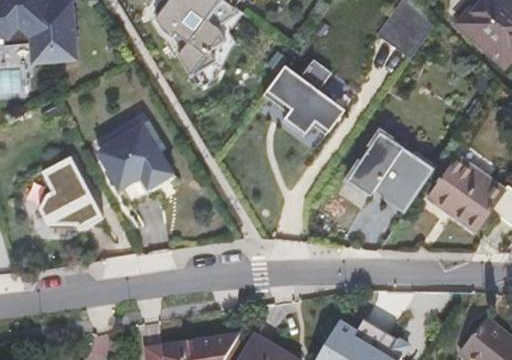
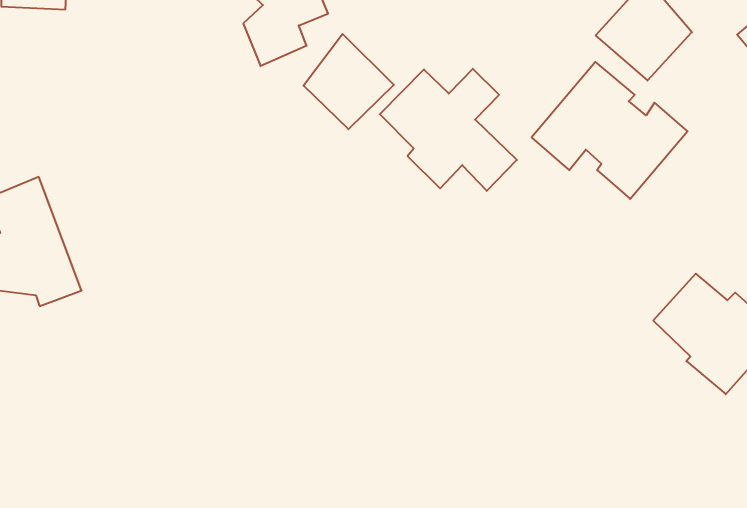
building: none -> [303,34,394,129]
building: [96,124,175,192] -> none
building: [346,133,435,209] -> [532,62,688,199]

